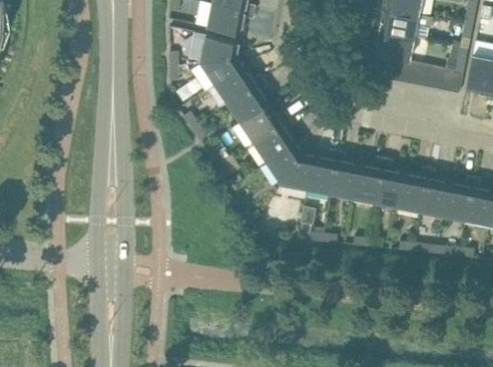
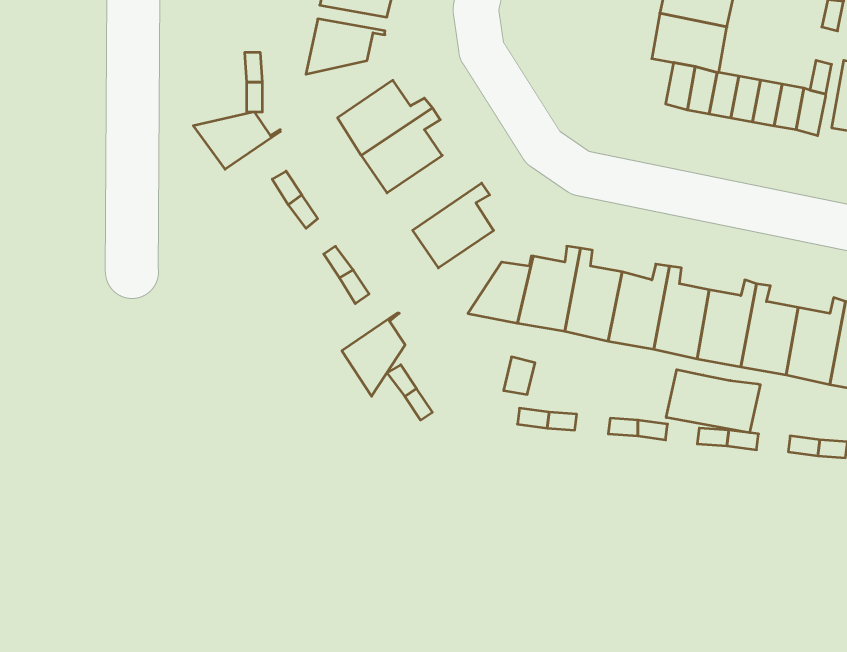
building: [198,57,242,86] -> [193,112,280,169]
building: [239,105,288,143] -> none
building: [266,143,298,186] -> [342,313,405,396]
building: none -> [666,370,760,433]

